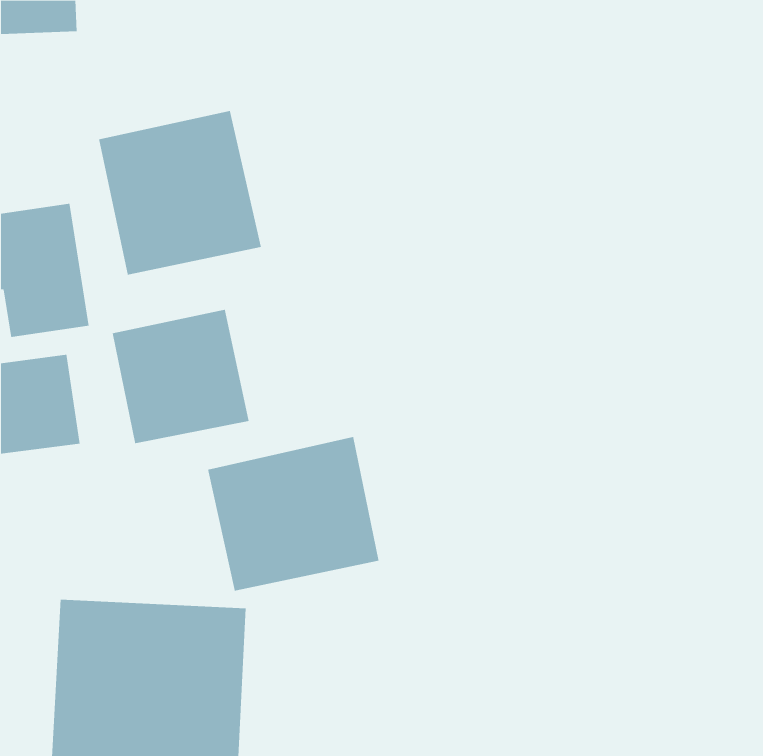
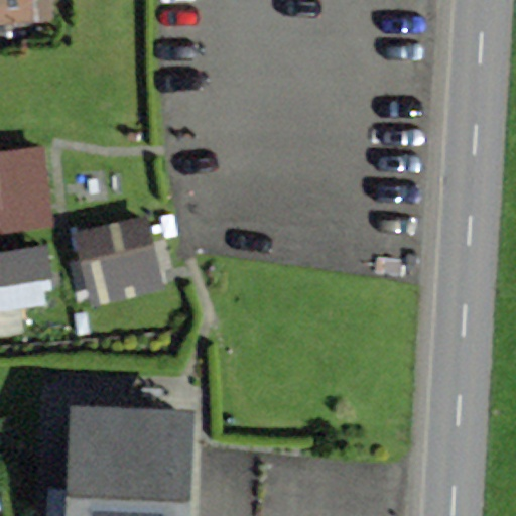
building: [99,110,261,275] -> none
building: [208,436,379,592] -> none

